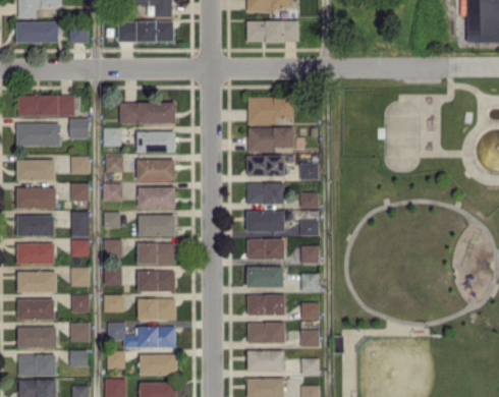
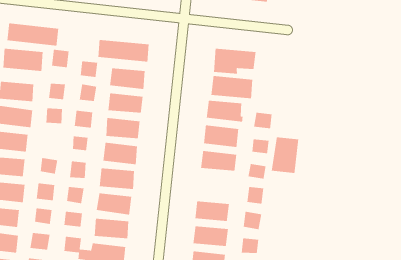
building: none -> [271,136,299,174]
building: [70,212,90,236] -> none
building: [247,239,285,260] -> none

